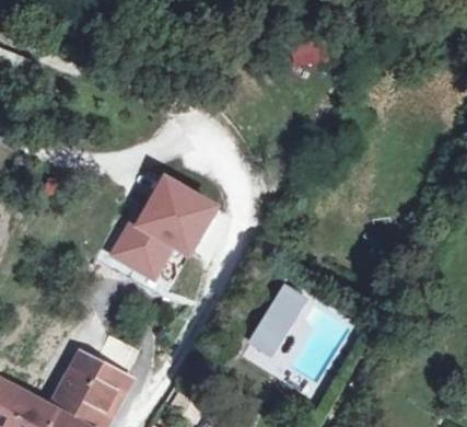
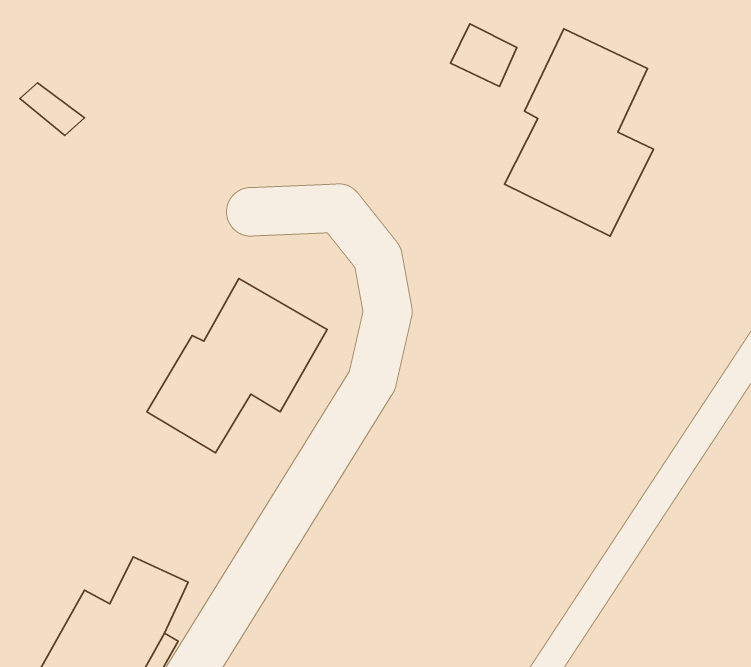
building: none -> [504,29,654,236]
building: [248,288,302,354] -> none

